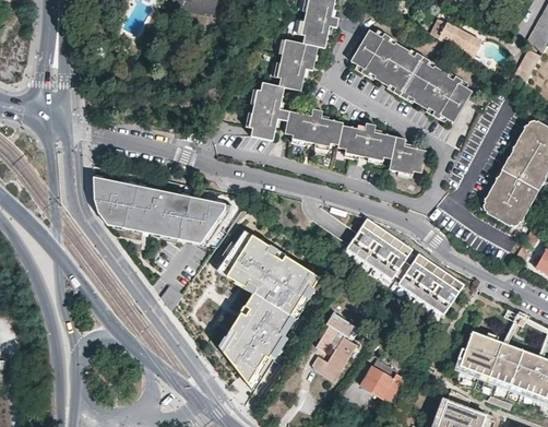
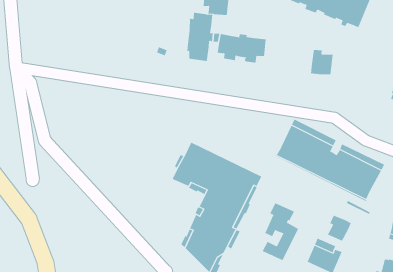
building: [341,121,400,162] -> none
building: [91,179,224,247] -> none
building: none -> [327,215,352,241]

